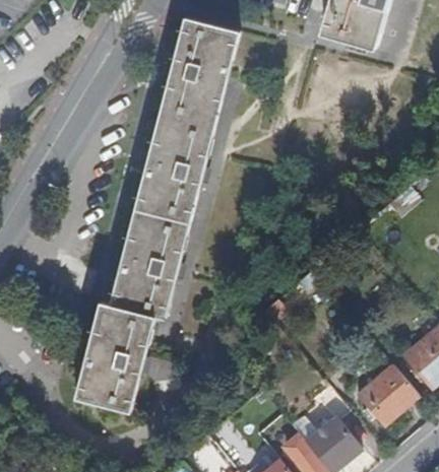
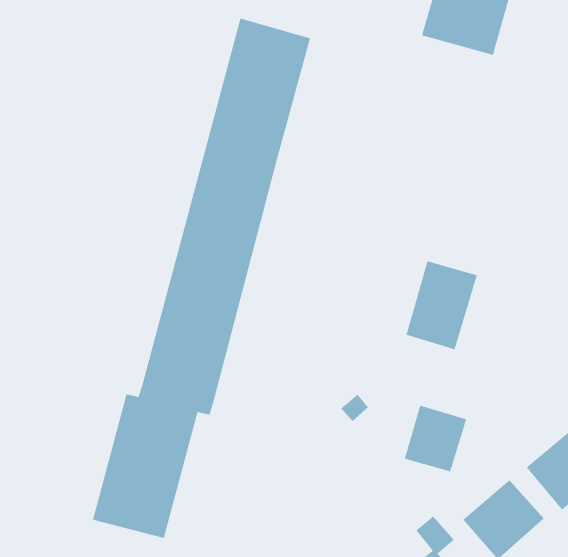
building: none -> [406,261,477,350]
building: none -> [404,405,467,472]

